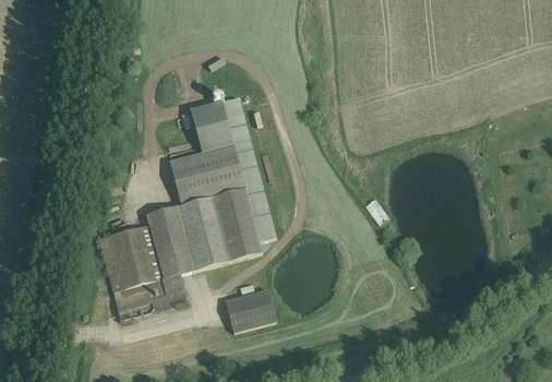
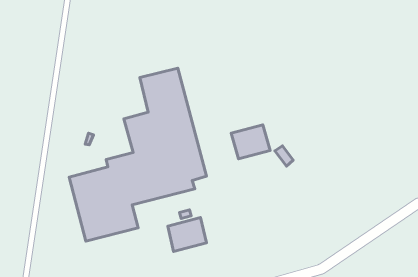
building: none -> [231,125,270,159]

